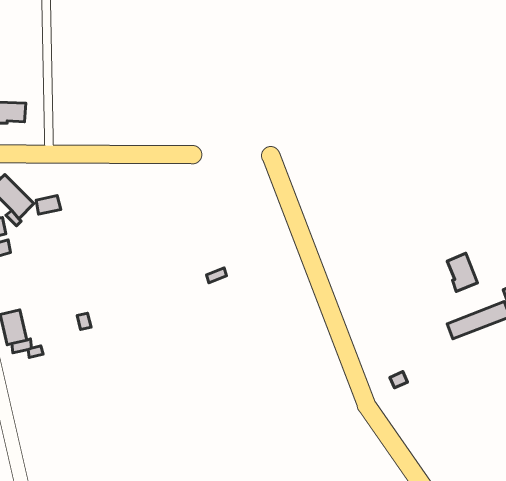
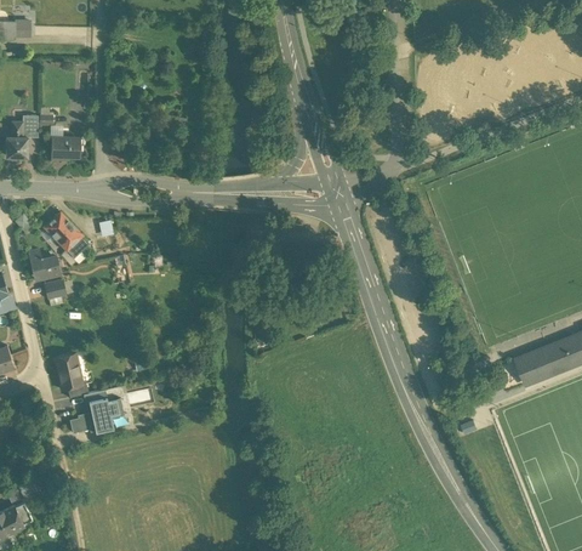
building: [447,253,477,291] -> none
building: none -> [69,398,122,432]

